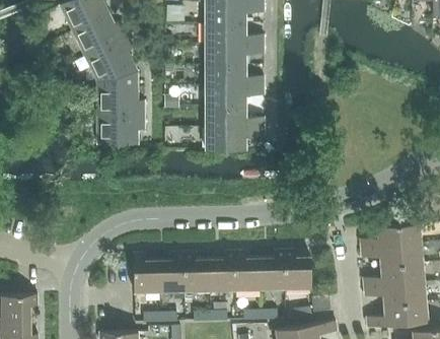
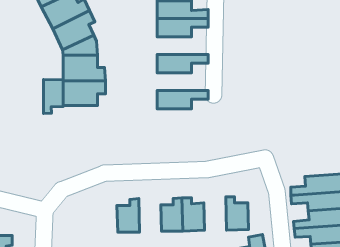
building: [206,66,265,86] -> none
building: [206,108,265,128] -> none
building: none -> [43,80,63,113]
building: [260,251,286,289] -> none
building: [185,253,211,291] -> none
building: [134,254,160,292] -> none

